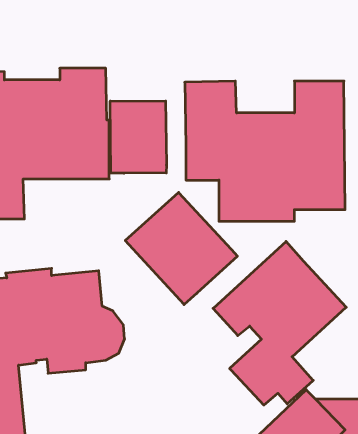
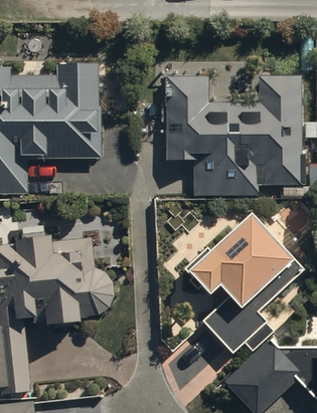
building: [110,101,166,173] -> none
building: [125,192,237,305] -> none

